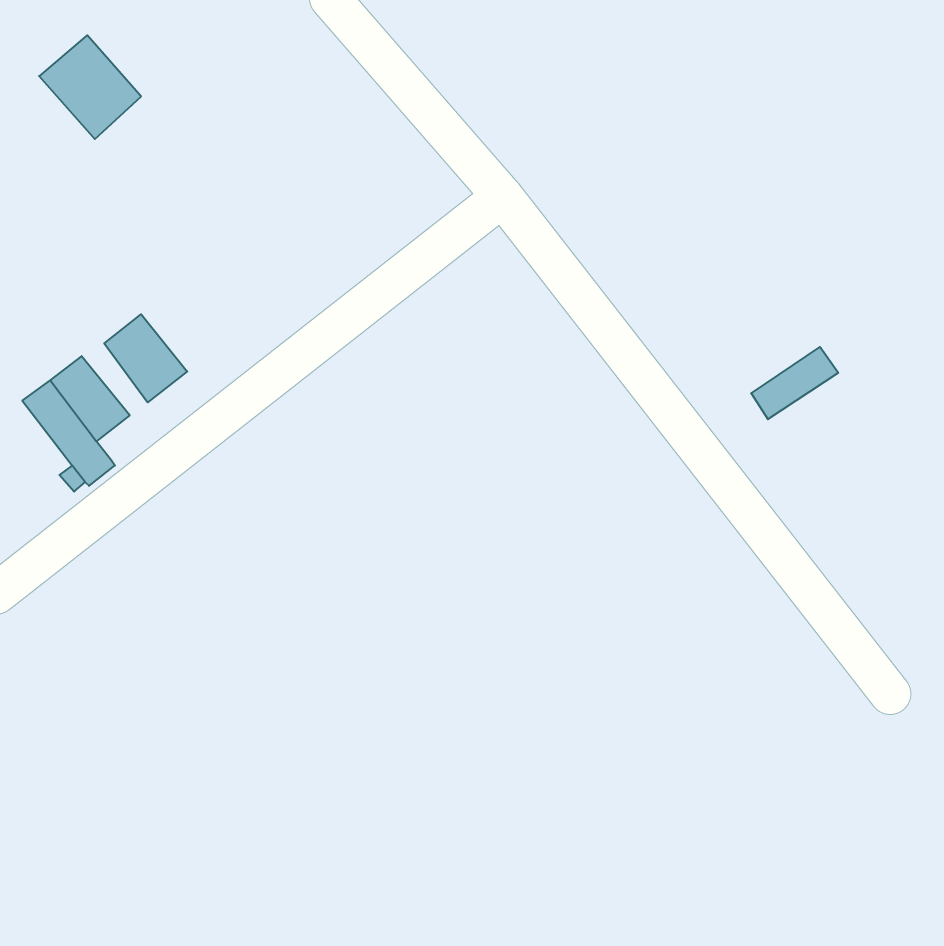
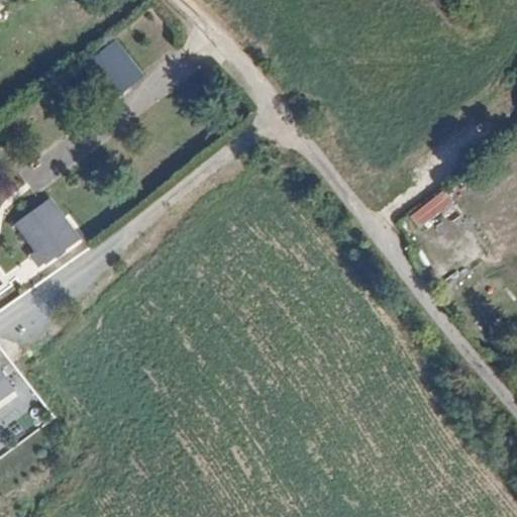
building: [39,35,141,139] -> [89,40,144,97]
building: [104,314,187,402] -> none

